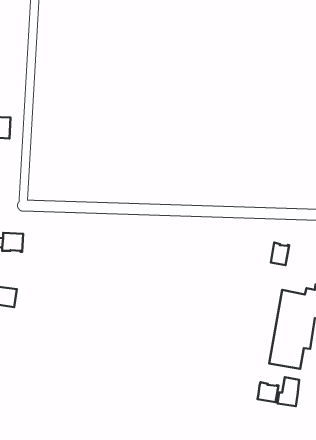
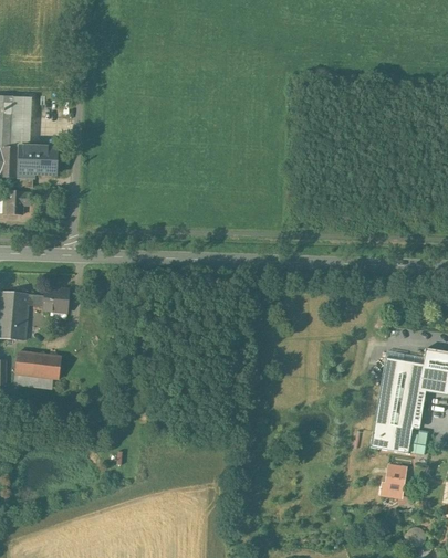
building: [271,243,289,265] -> none
building: [258,382,278,402] -> none

